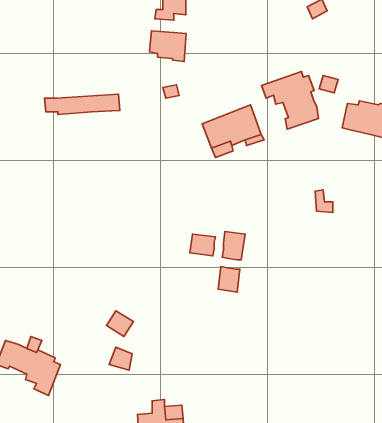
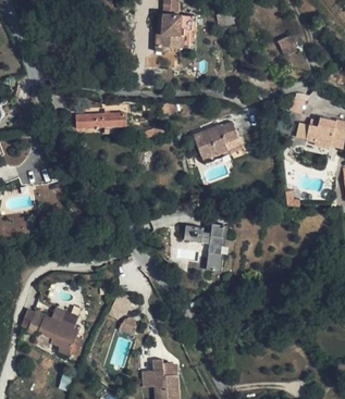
building: [149,31,186,62] -> none
building: [261,71,319,129] -> none

